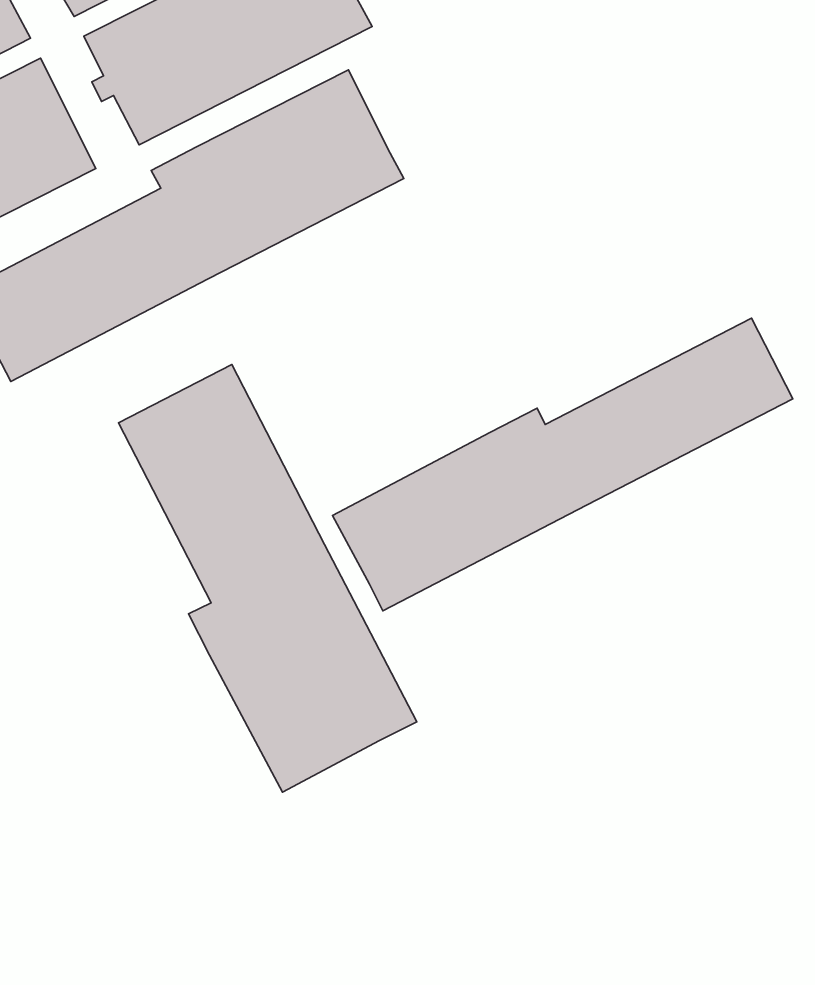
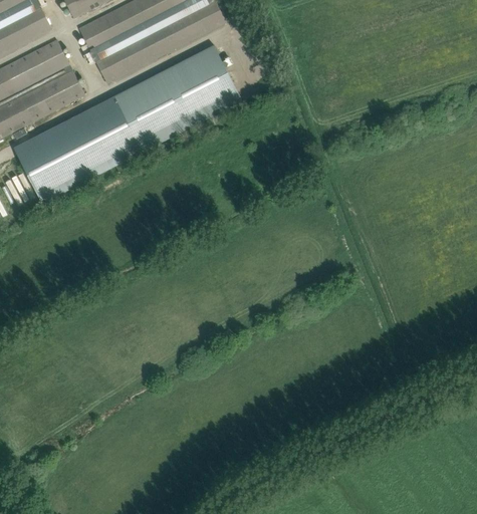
building: [332,318,793,611] -> none
building: [118,364,417,792] -> none

